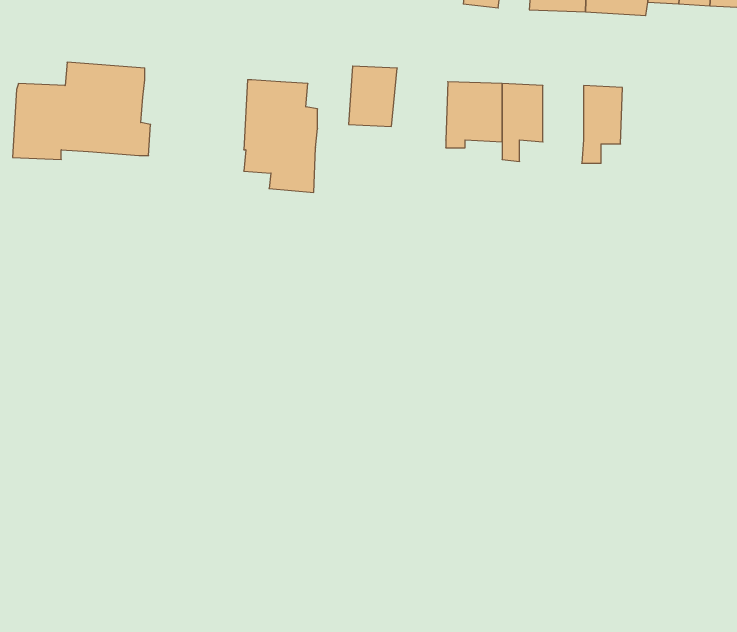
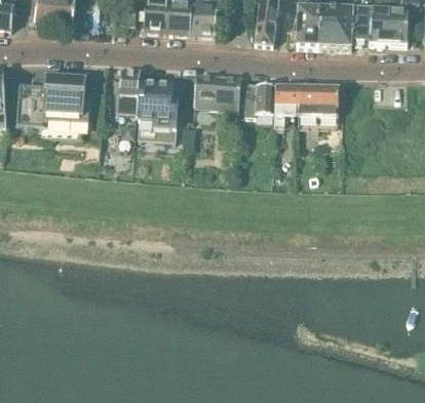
building: none -> [118,68,141,116]
building: none -> [217,75,241,125]
building: none -> [297,84,318,125]

